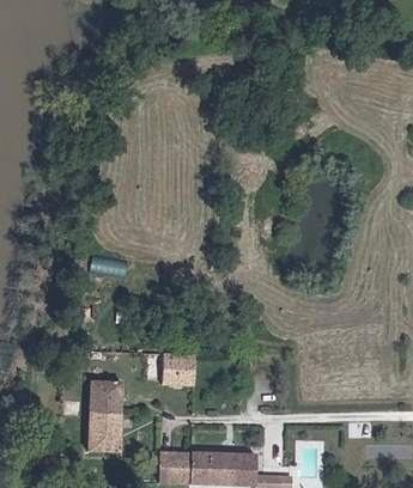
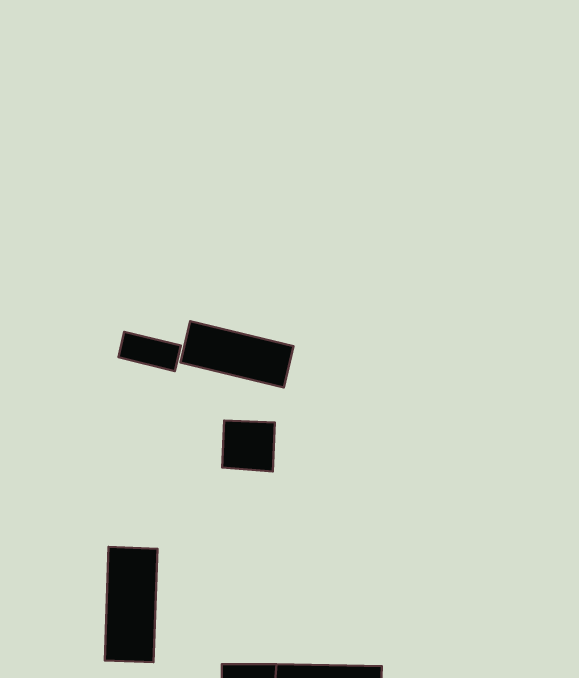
building: none -> [181,321,293,387]
building: [164,353,196,384] -> [222,421,275,471]

